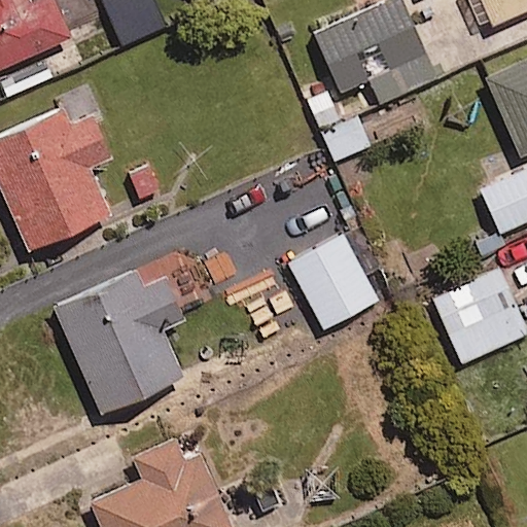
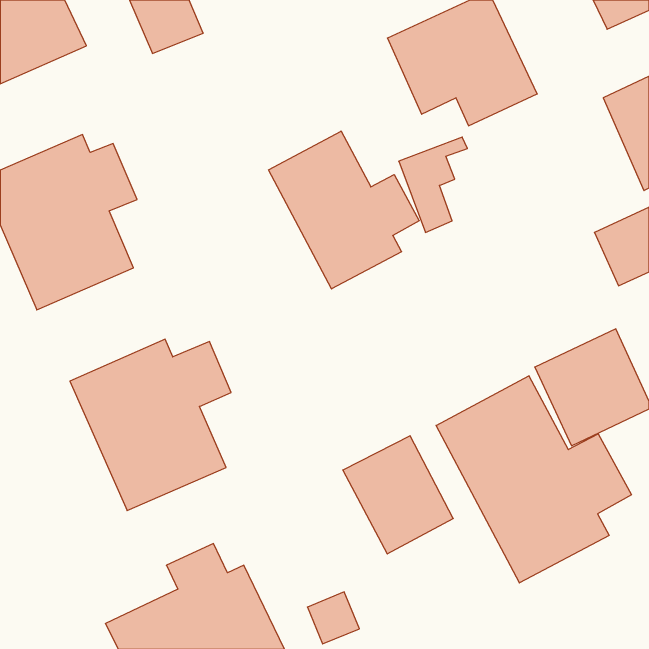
building: none -> [269,131,419,289]
building: [288,233,378,328] -> [343,436,453,554]
building: none -> [436,376,631,583]

